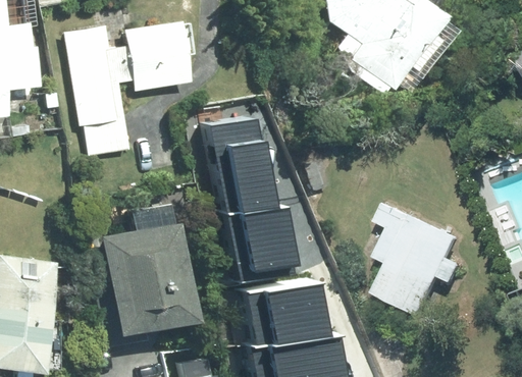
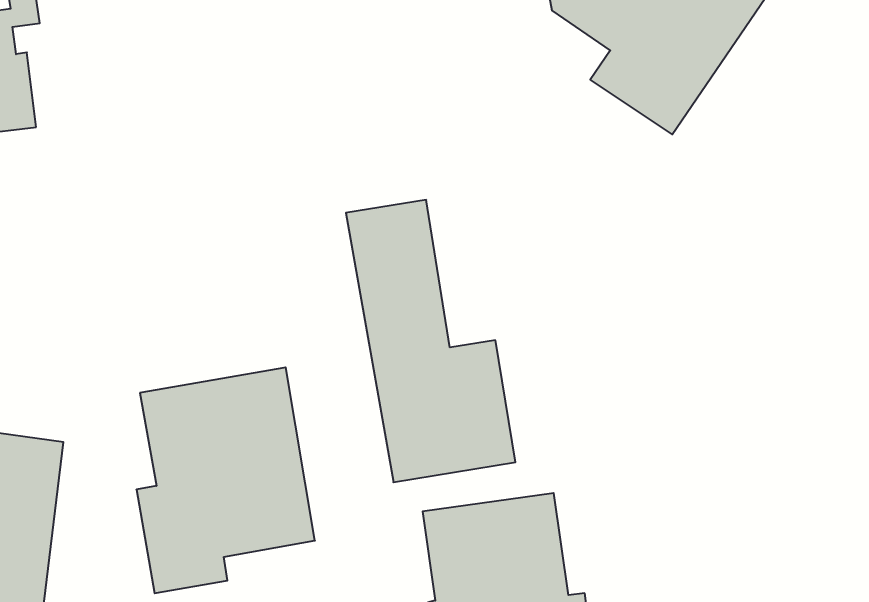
building: [65,20,191,154] -> none
building: [383,204,469,315] -> none

